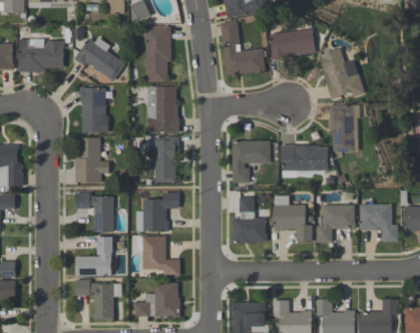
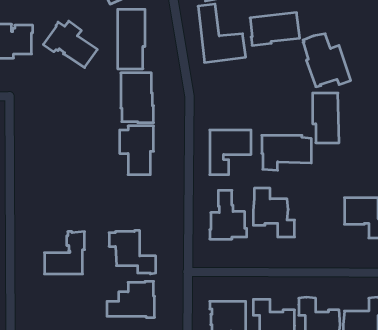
building: [79,86,108,132] -> none
building: [74,137,108,182] -> none
building: [75,192,113,232] -> none
building: [135,192,178,232] -> none
building: [316,204,355,242] -> none
building: [75,279,121,319] -> none

